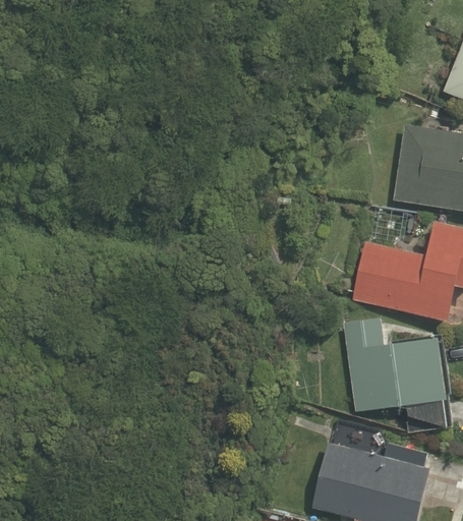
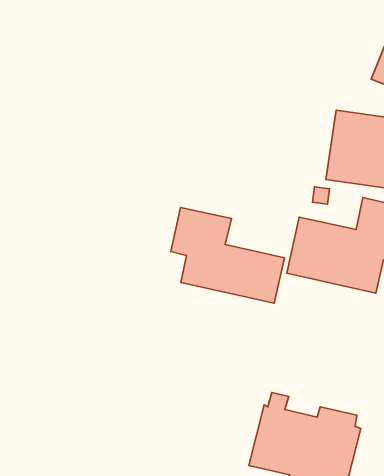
building: none -> [171,207,285,303]
building: [343,320,447,413] -> none

